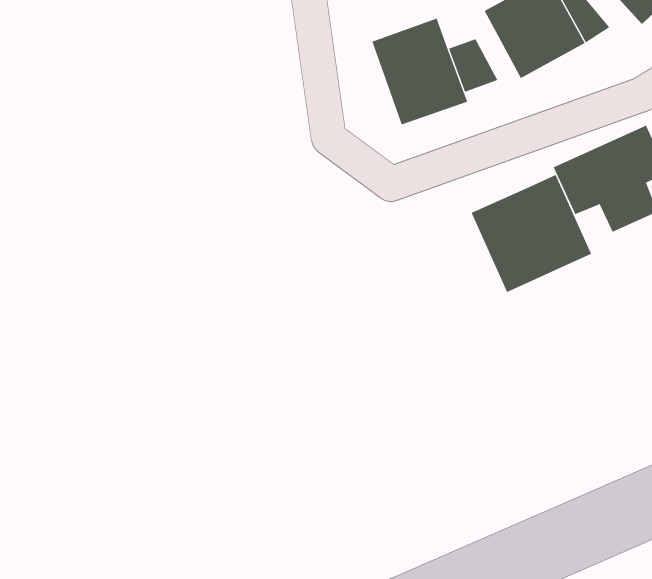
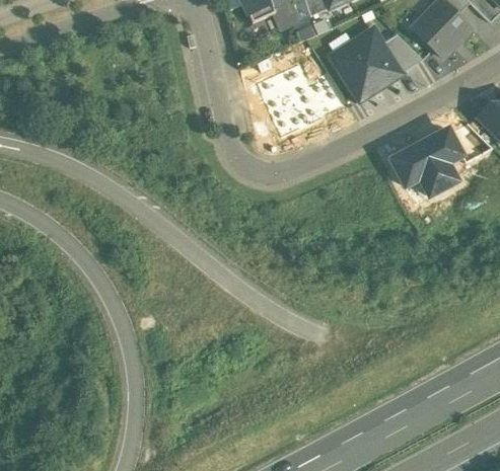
building: [471,174,592,293] -> none

